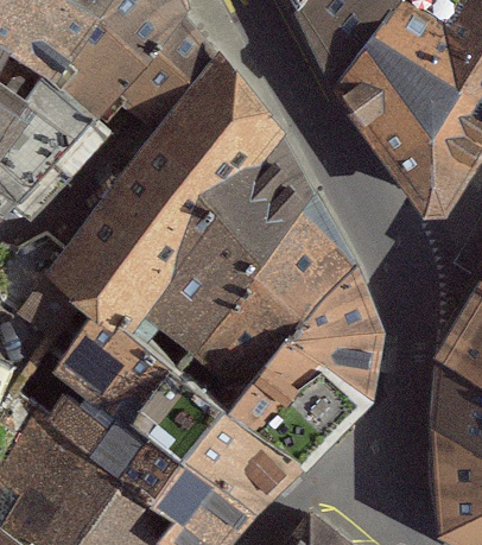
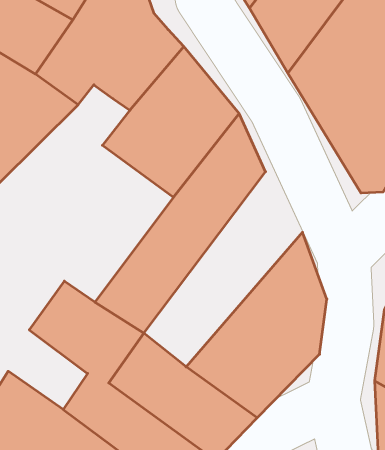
building: [42,165,209,341] -> none
building: [176,195,354,413] -> none

